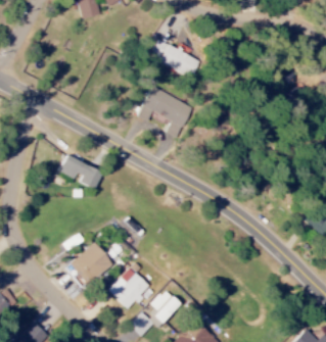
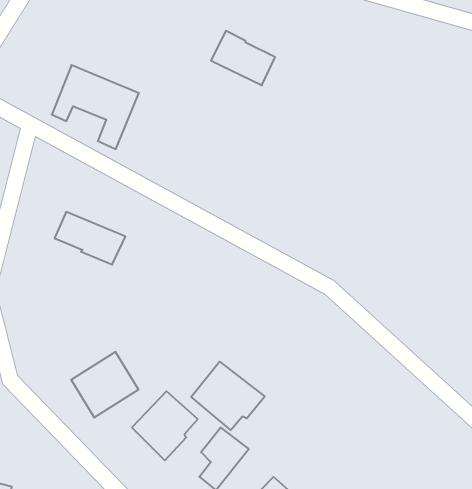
building: [138,86,192,138] -> [52,65,139,149]
building: none -> [191,362,265,430]

